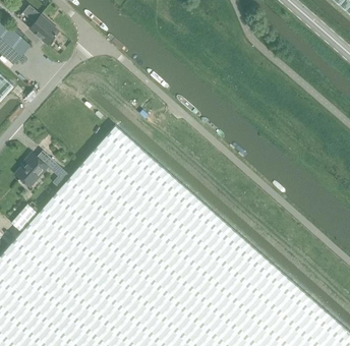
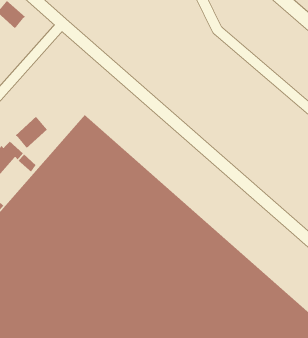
building: none -> [15,116,48,149]

